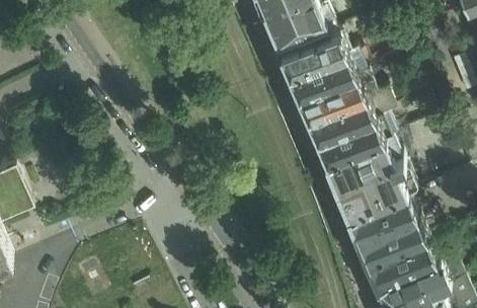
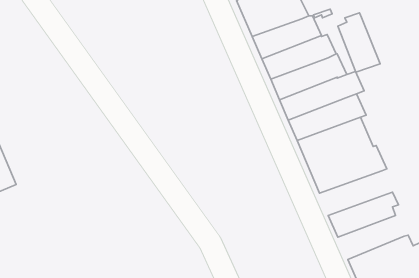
building: none -> [338,13,380,72]
building: [343,189,413,236] -> none
building: [363,236,431,282] -> none

